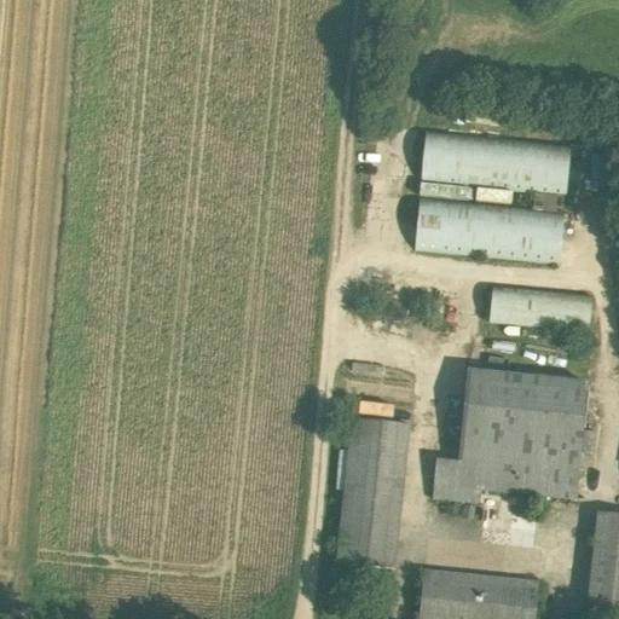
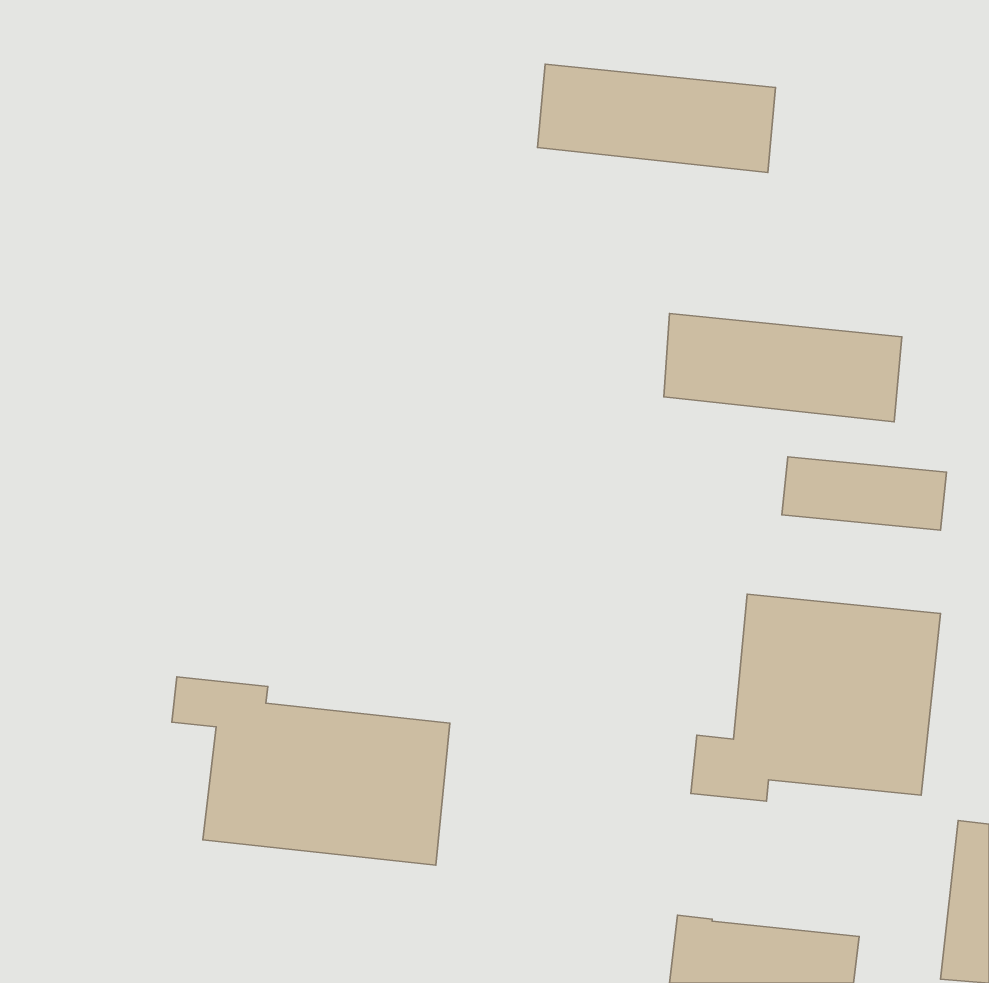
building: [421,128,569,196] -> [537,64,776,173]
building: [337,420,409,569] -> none
building: none -> [172,677,450,865]

